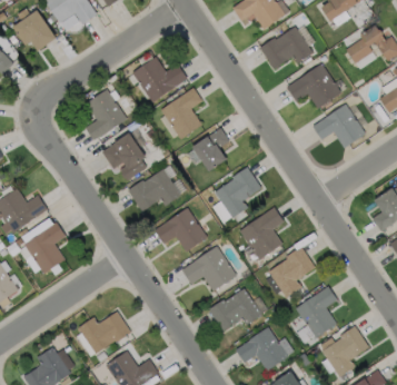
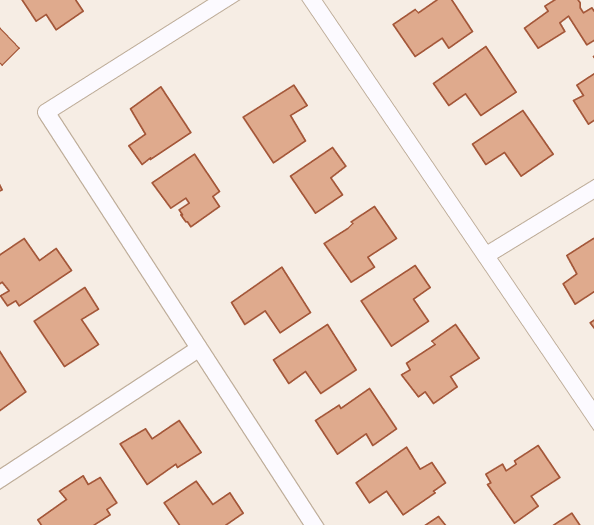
building: [132,57,188,102] -> none
building: [128,169,181,211] -> none
building: [296,287,338,338] -> none

